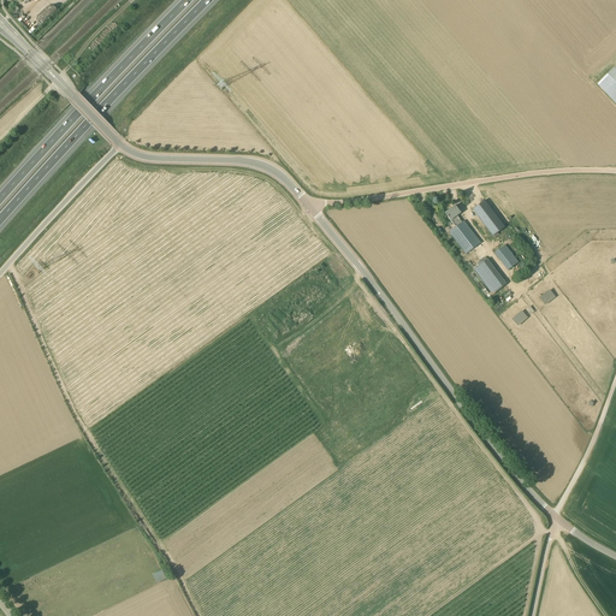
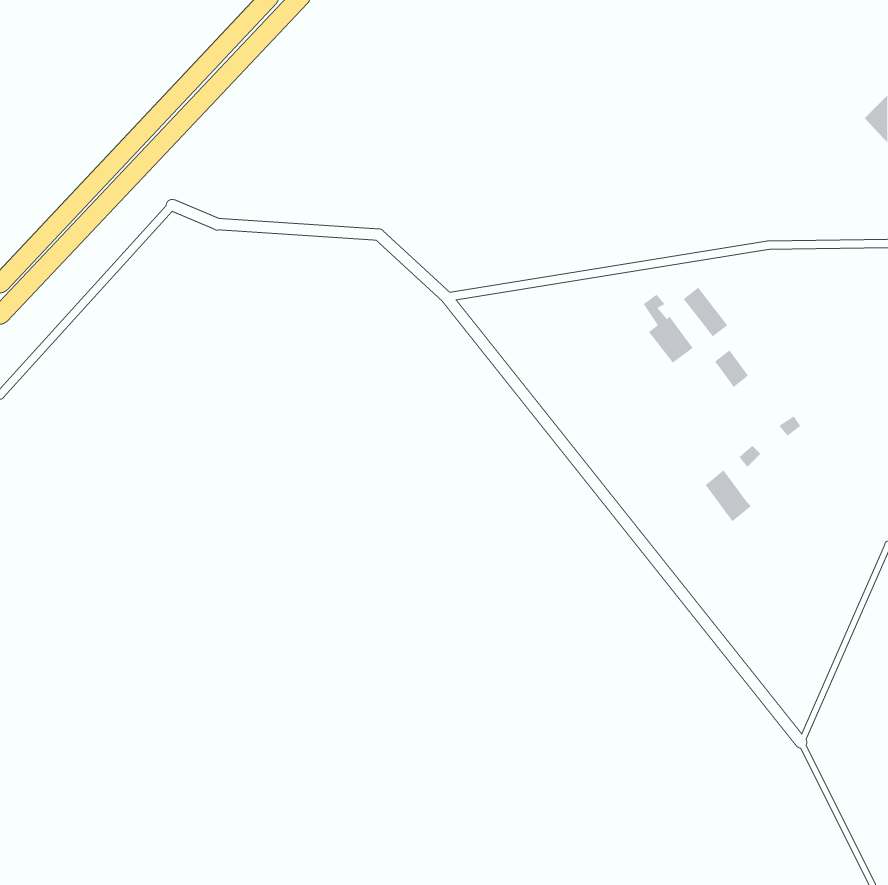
building: [474,256,507,292] -> [705,470,752,522]

